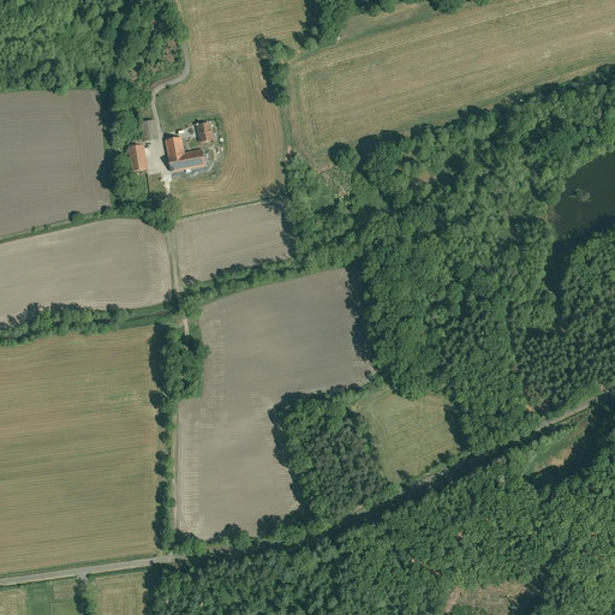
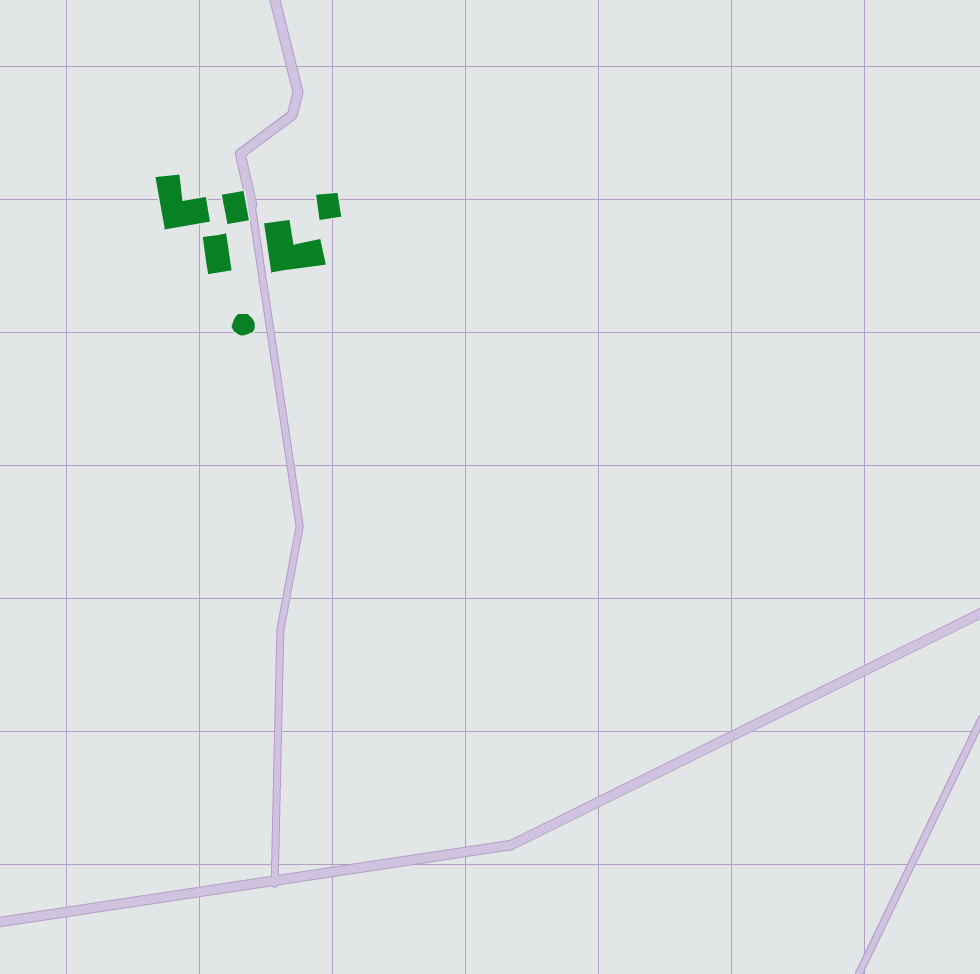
building: none -> [154,174,211,231]

